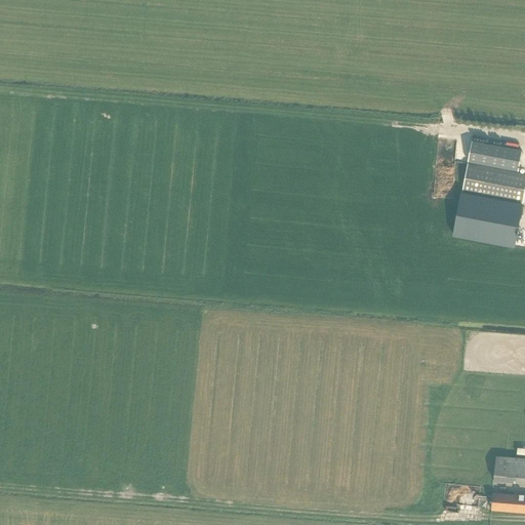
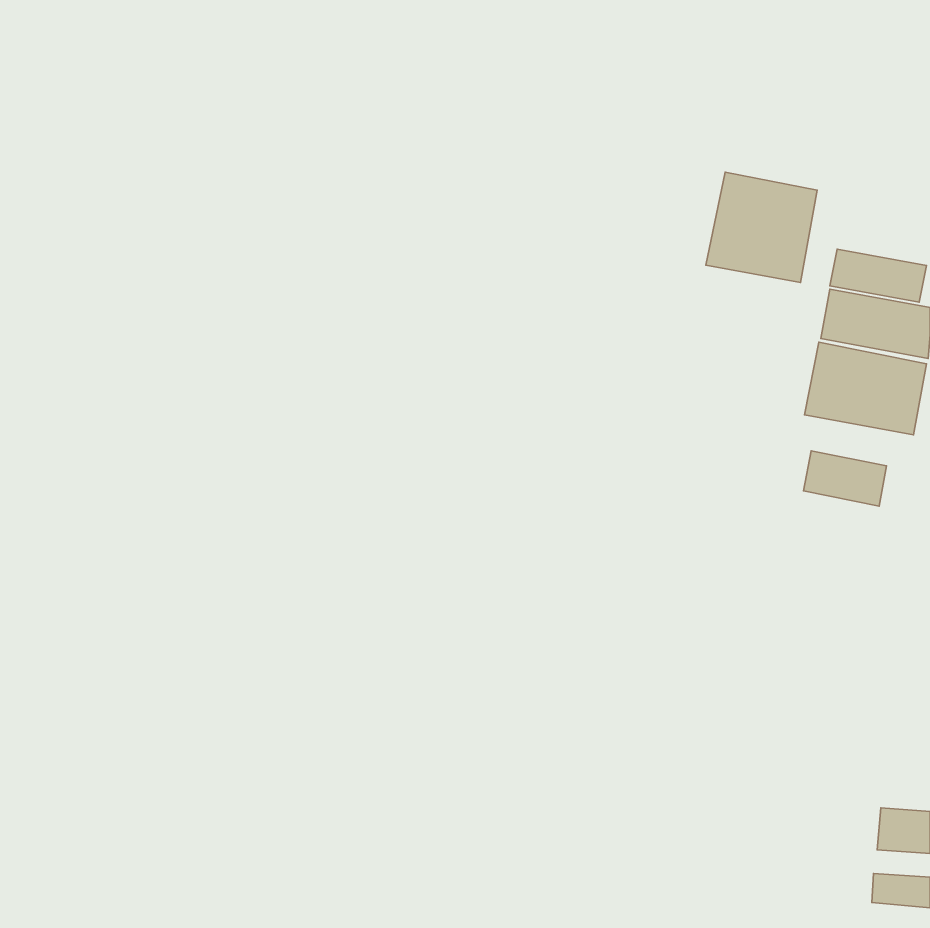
building: none -> [706,172,817,283]
building: none -> [804,451,887,506]

